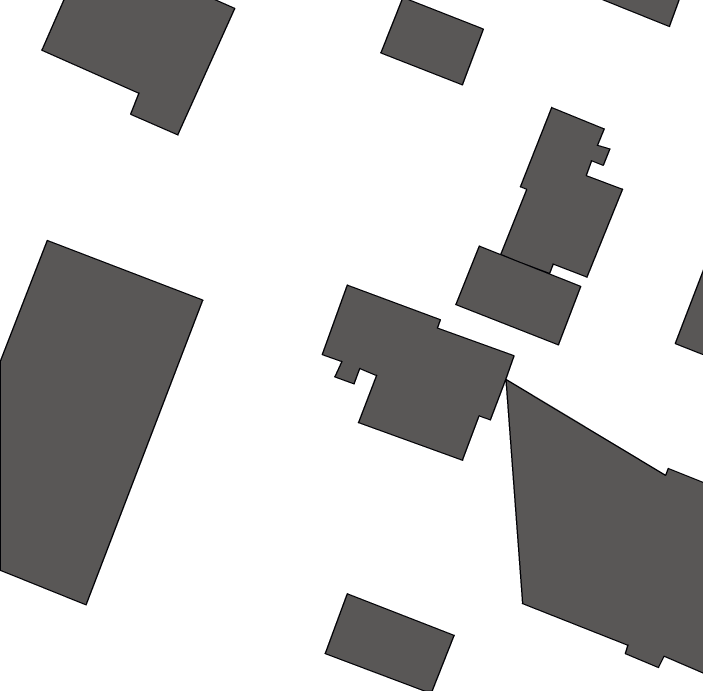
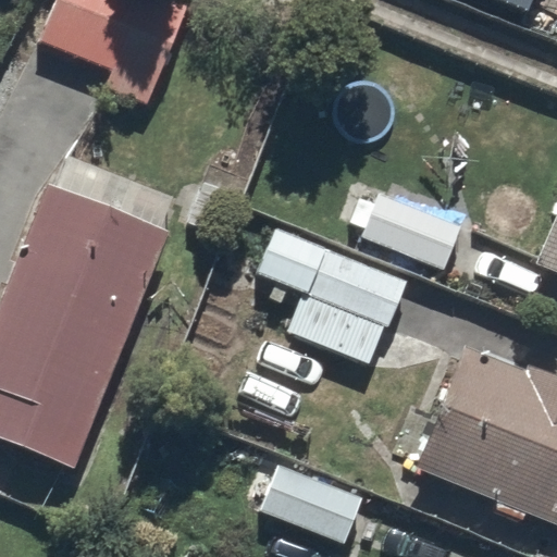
building: [501,107,622,277] -> none

